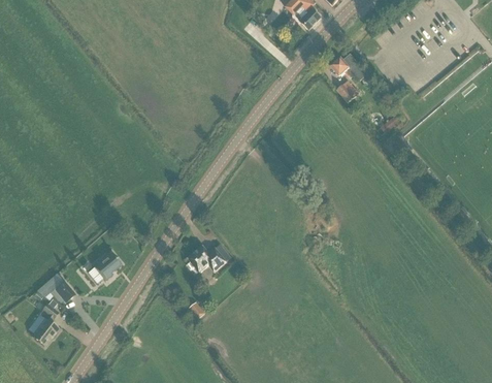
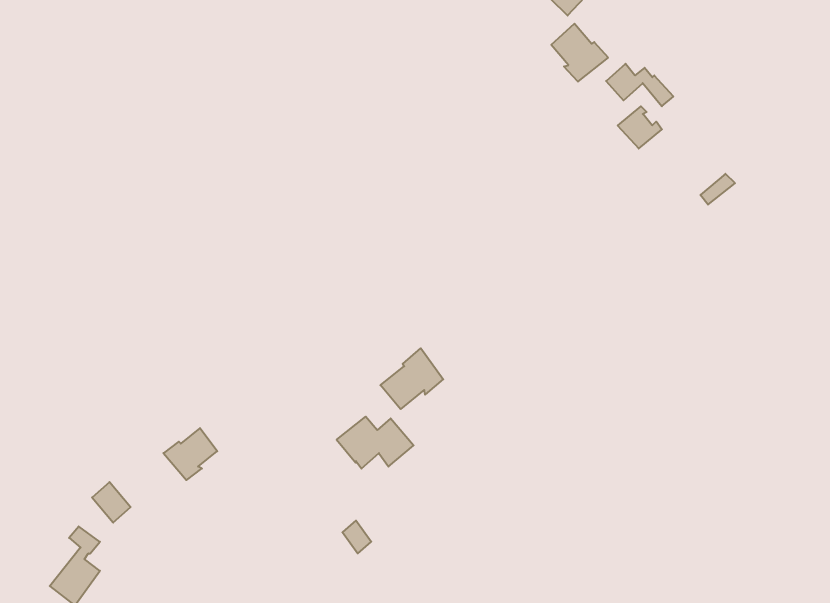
building: none -> [551,24,608,82]
building: none -> [380,348,443,409]

